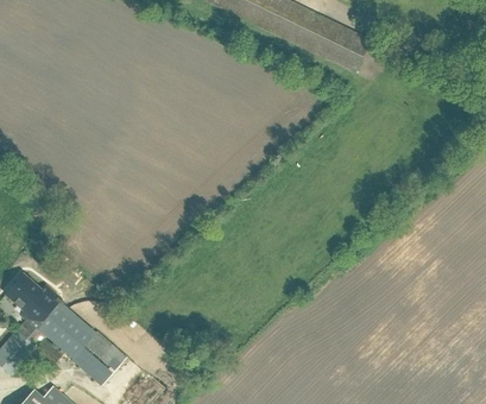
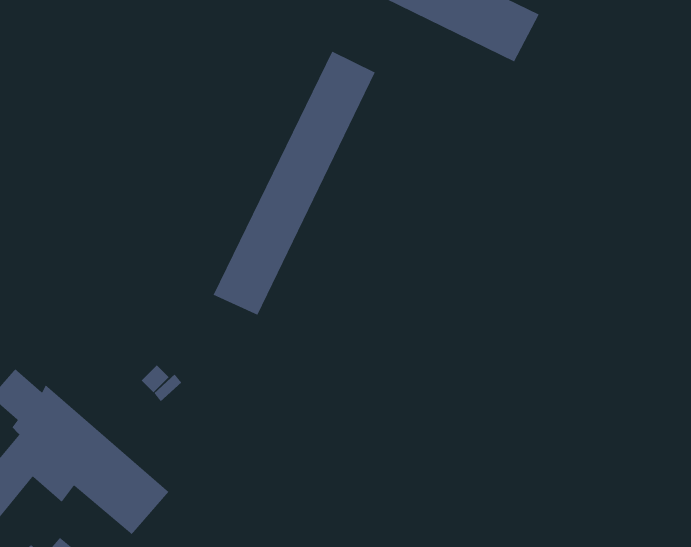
building: none -> [213,51,376,316]

